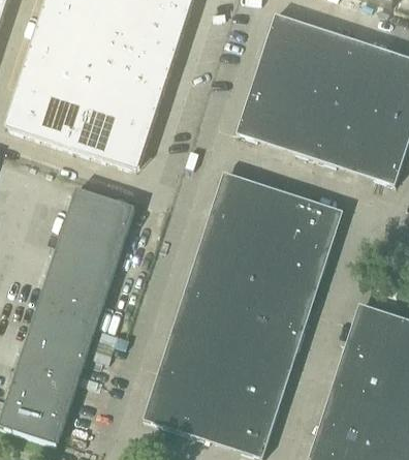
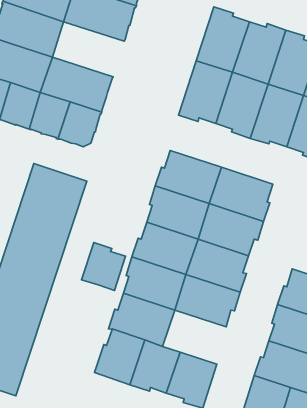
building: [96,29,176,90] -> none
building: none -> [81,243,126,291]
building: [218,348,288,408] -> none

